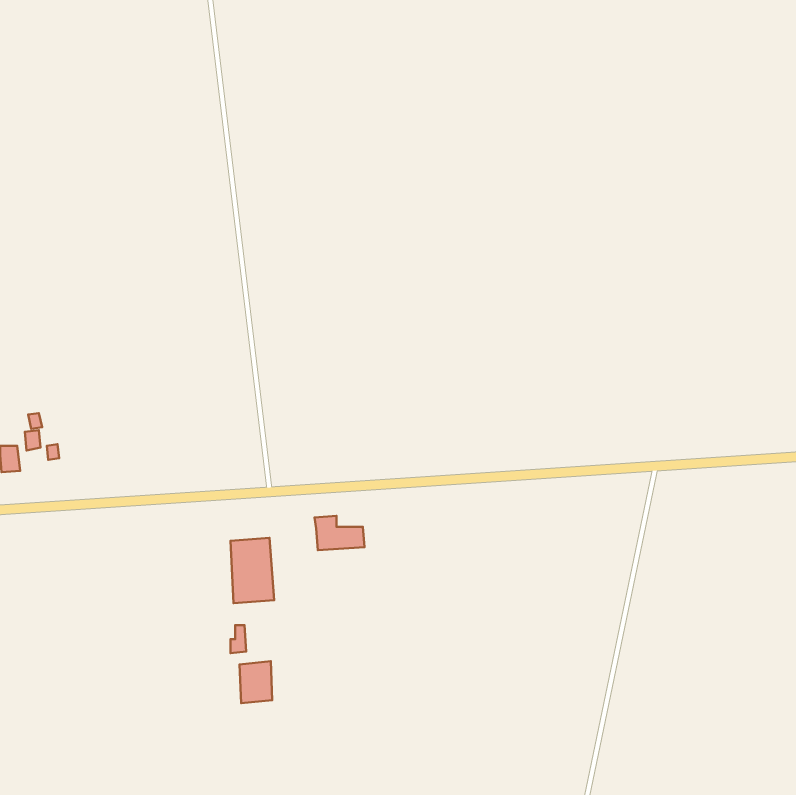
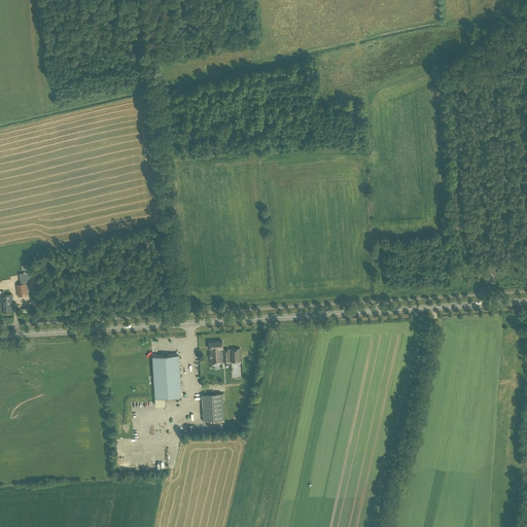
building: [240,661,272,703] -> [202,394,223,422]

